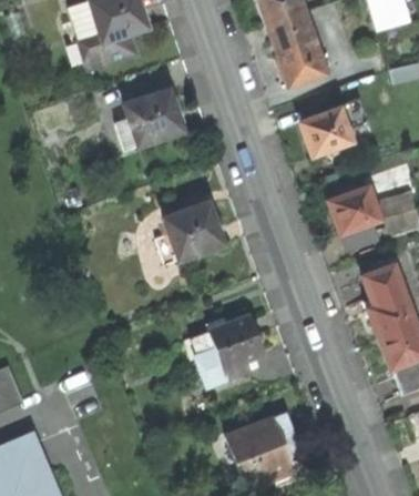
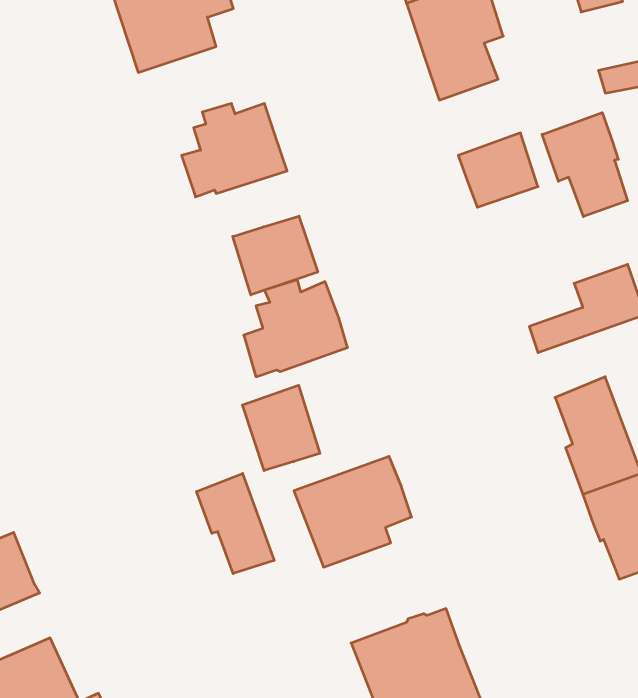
building: none -> [542,113,628,217]
building: none -> [233,216,318,295]
building: [326,186,377,234] -> none
building: none -> [242,385,320,471]
building: none -> [197,473,274,574]

